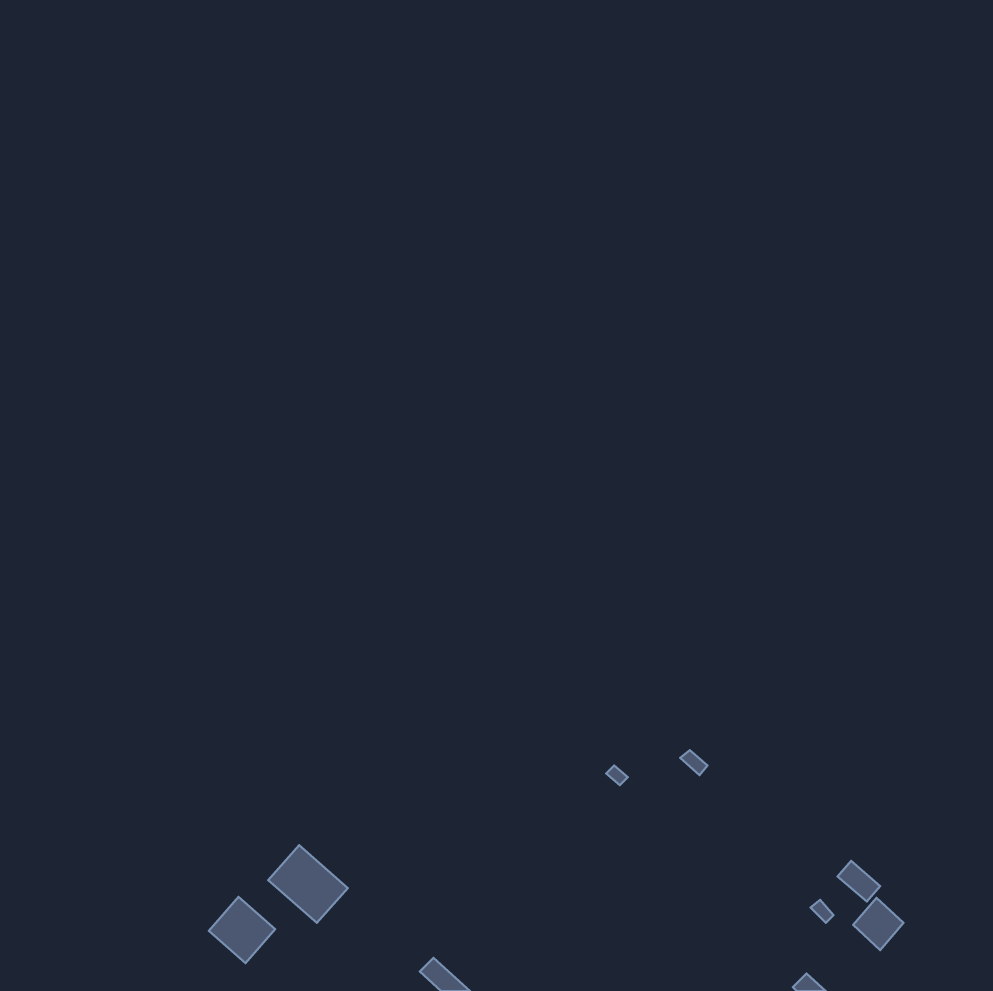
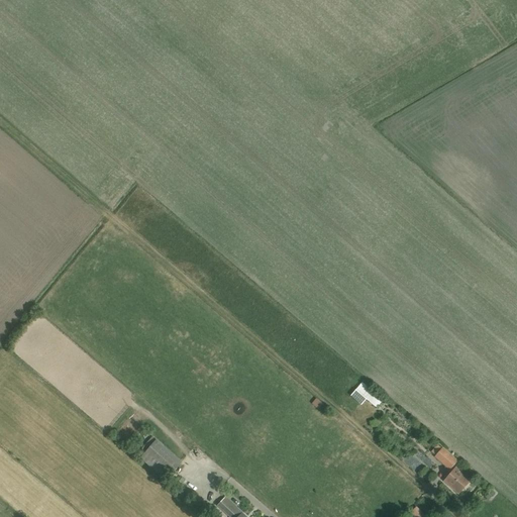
building: [209,897,275,963] -> none

